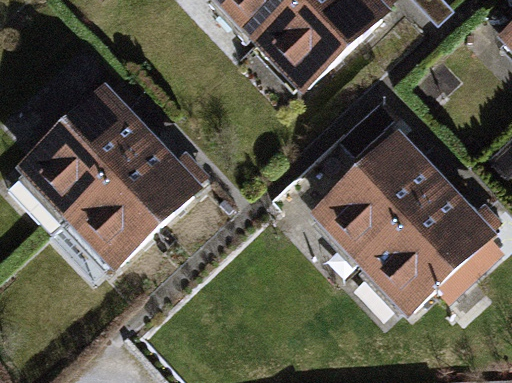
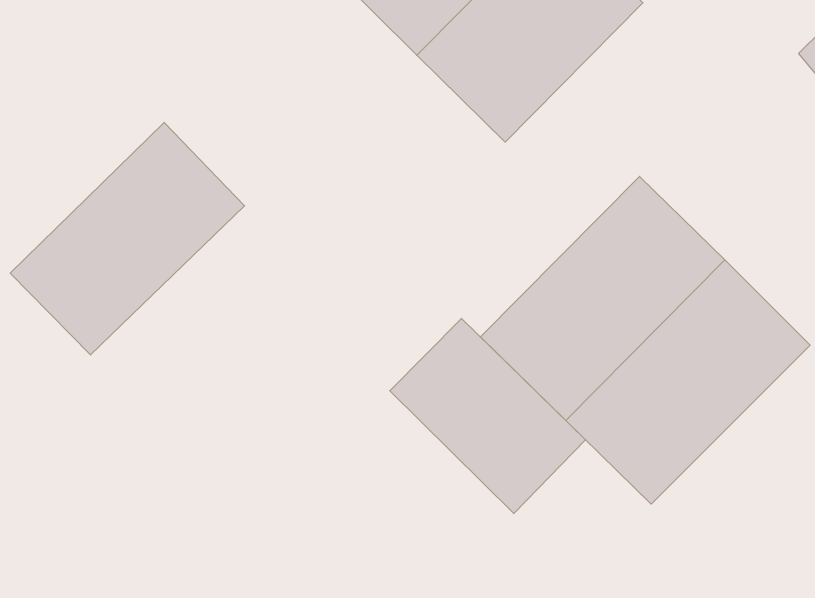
building: [59,135,202,276] -> none
building: none -> [390,318,586,514]

